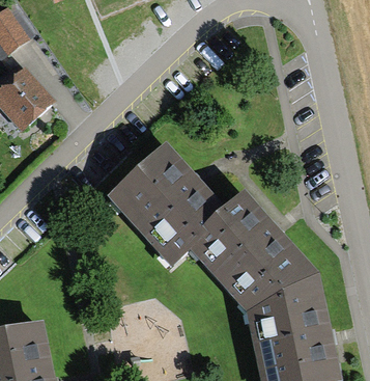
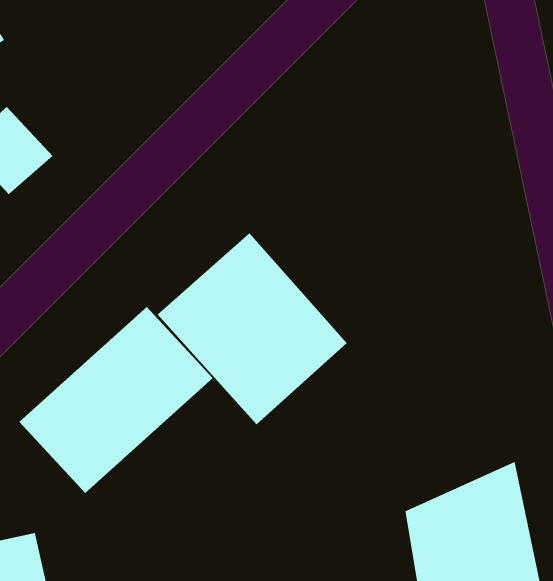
building: none -> [19,306,214,494]
building: [190,195,317,309] -> none

